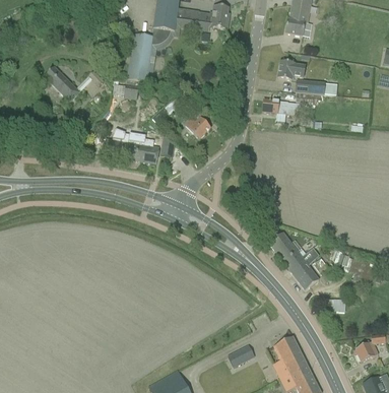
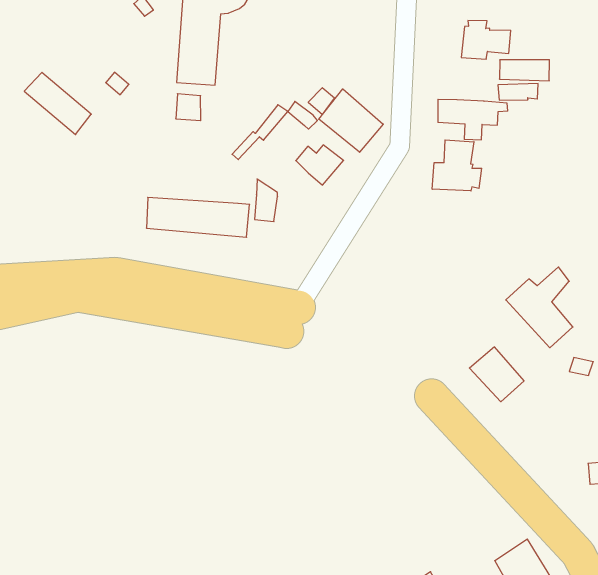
building: none -> [319,89,383,152]
building: none -> [432,140,482,191]
building: [284,246,319,288] -> [506,267,573,348]

